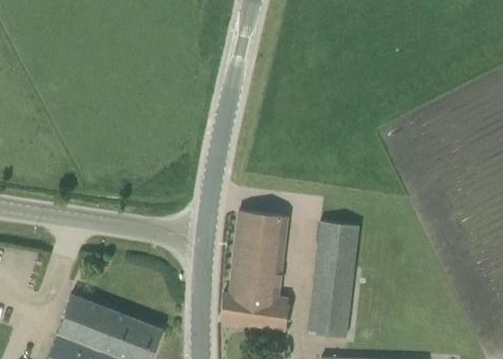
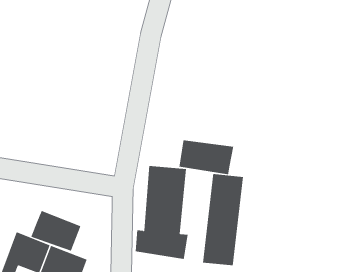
building: none -> [179,139,234,175]
building: none -> [30,210,81,252]

